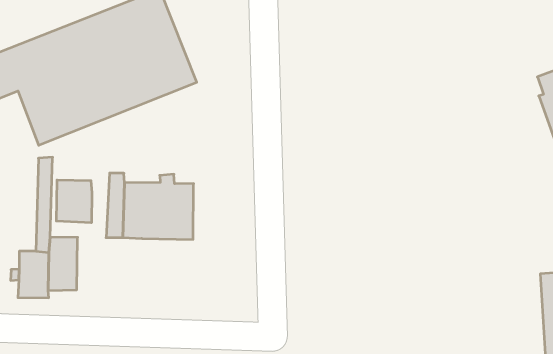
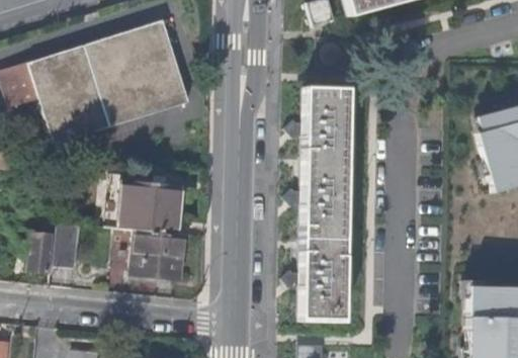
building: none -> [303,89,348,324]
building: [56,180,92,223] -> none
building: none -> [131,231,181,279]

